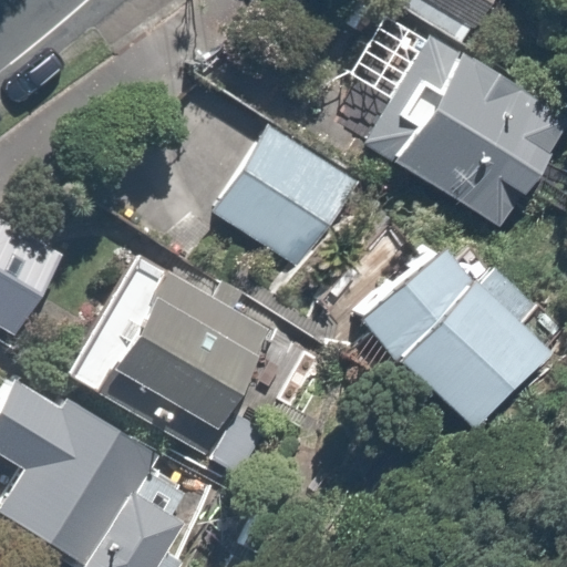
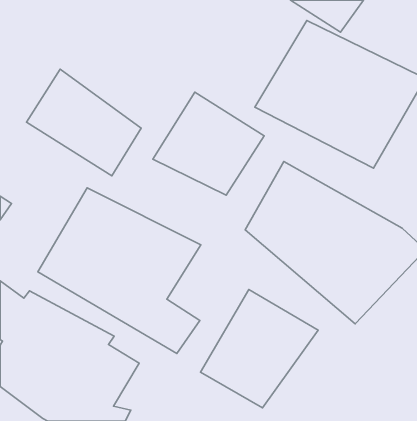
building: none -> [27,69,141,176]
building: none -> [200,289,318,408]

